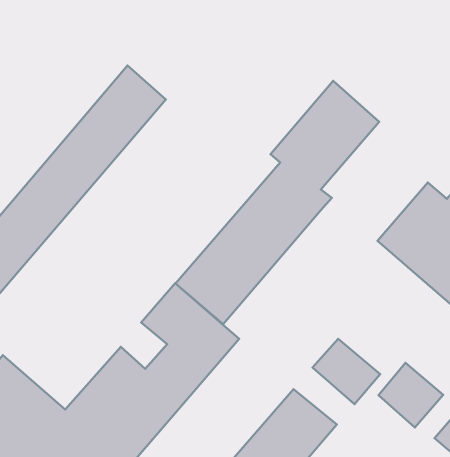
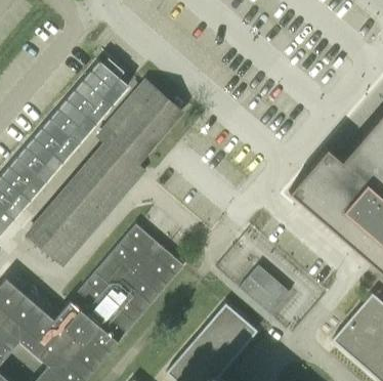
building: [176,81,379,324] -> [28,82,181,265]
building: [378,363,443,428] -> none

